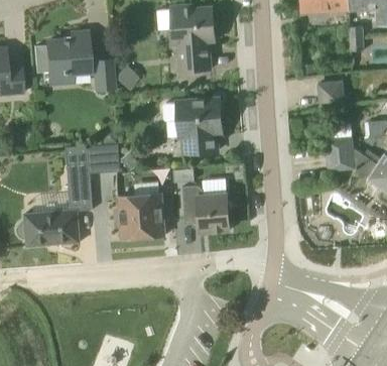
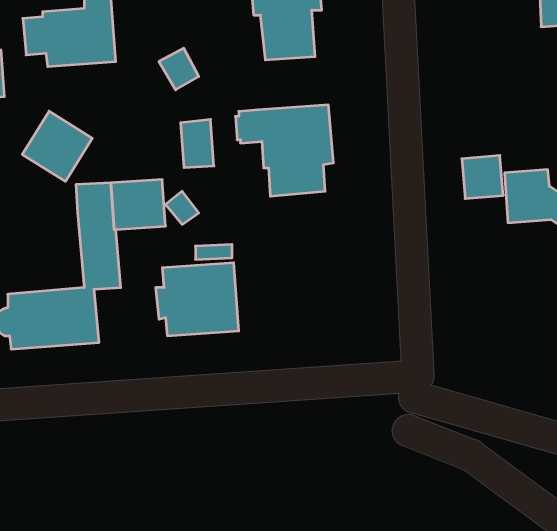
building: [94,60,114,90] -> [181,119,214,168]
building: [318,82,344,108] -> [462,155,503,199]
building: none -> [22,111,92,181]
building: [182,186,234,232] -> none

